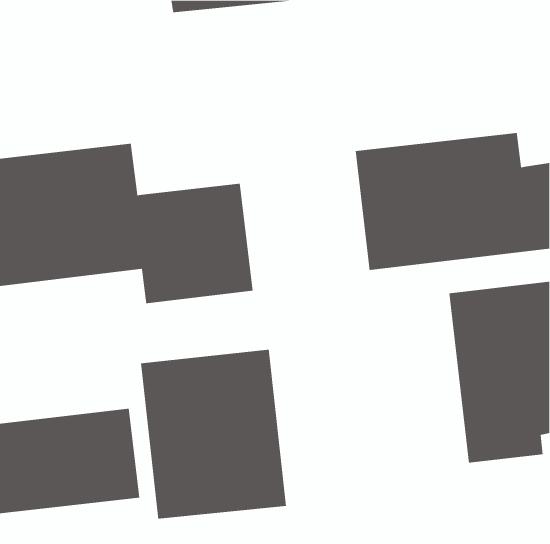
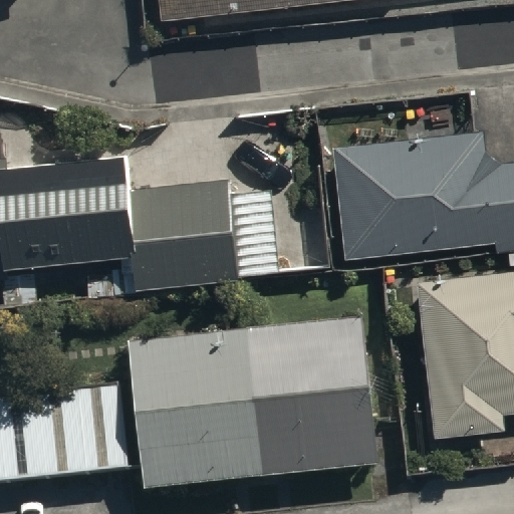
building: none -> [251,320,380,478]

